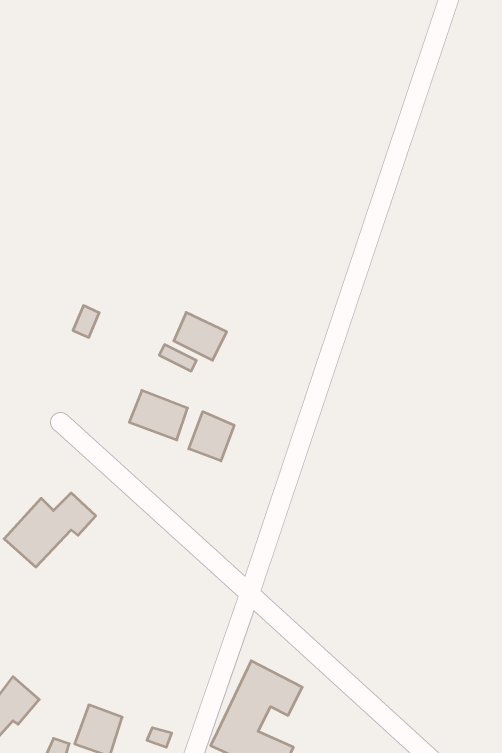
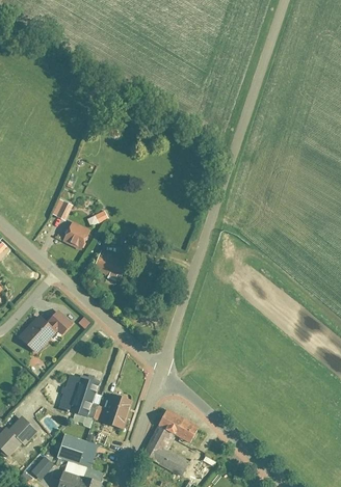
building: [174,312,227,360] -> [61,221,93,249]
building: [189,412,234,461] -> none
building: none -> [61,374,130,428]

